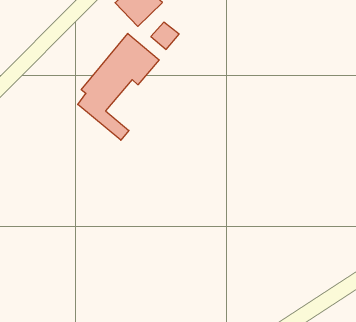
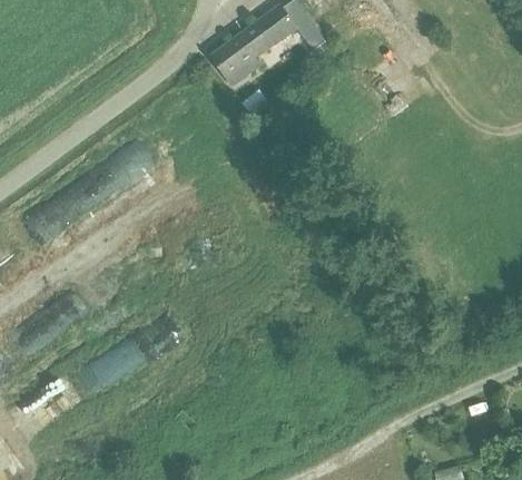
building: [78,33,159,140] -> none

